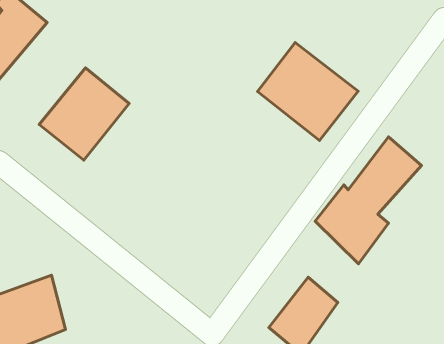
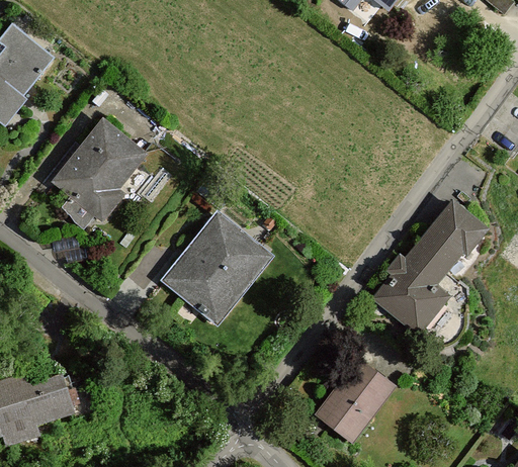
building: [258,43,358,140] -> none
building: none -> [161,203,272,329]

